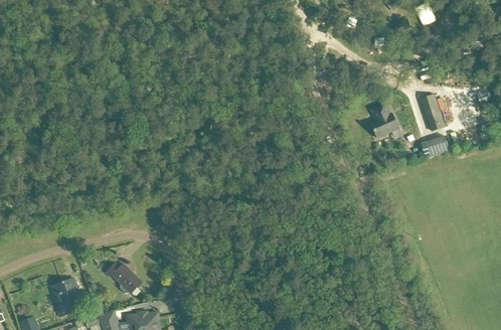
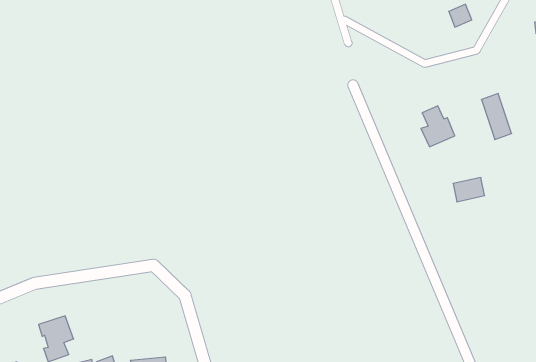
building: [424,135,450,155] -> [453,178,485,202]
building: [106,262,141,292] -> none

